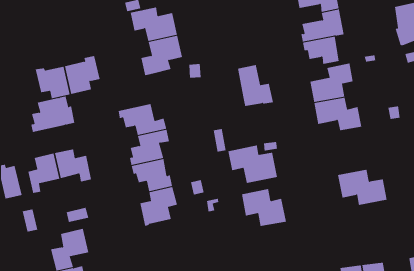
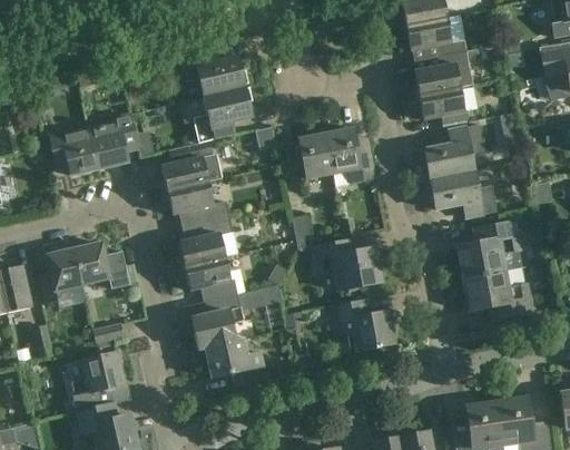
building: none -> [299,128,334,178]
building: [30,96,75,132] -> [160,139,222,189]
building: none -> [456,219,520,277]
building: none -> [206,336,265,384]

